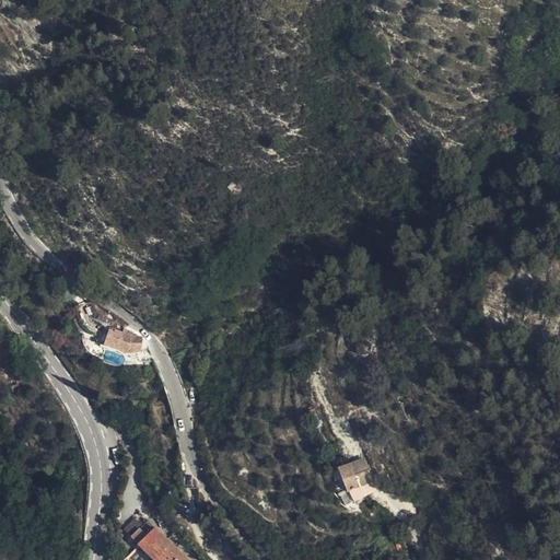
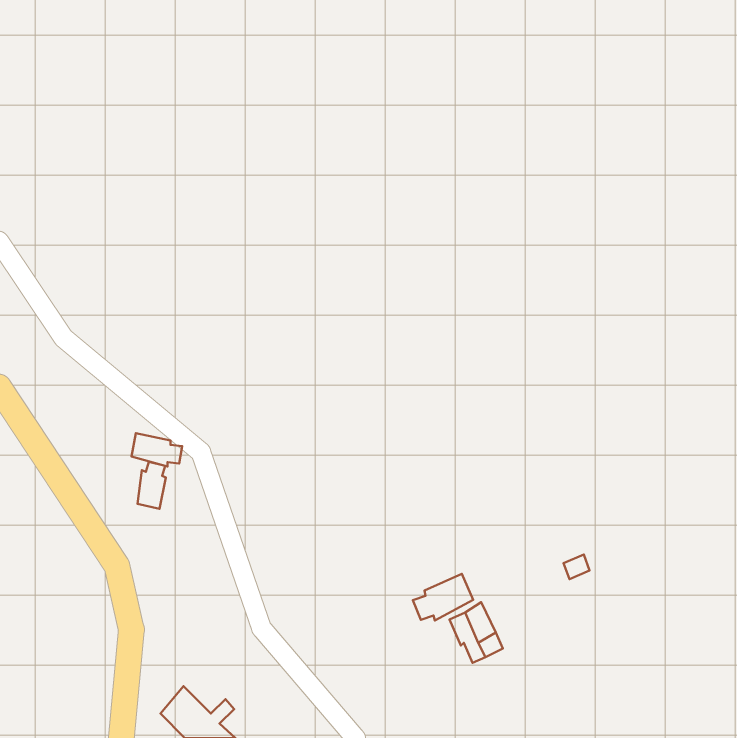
building: none -> [137,462,166,509]
building: none -> [413,574,473,620]

